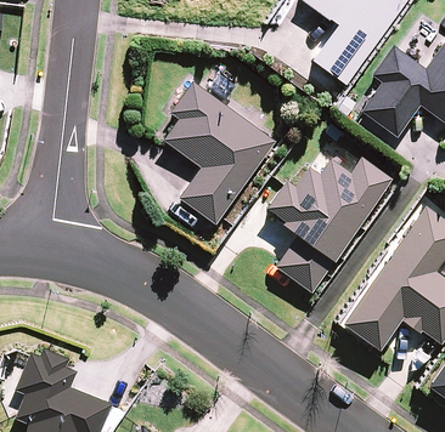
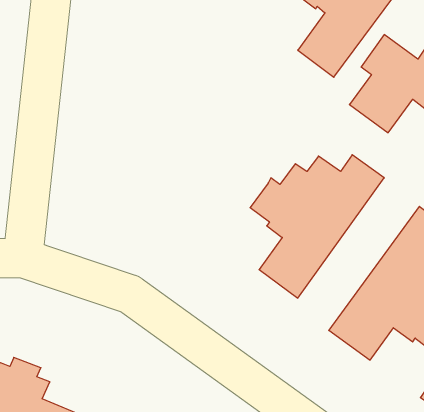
building: [163,83,275,223] -> none

